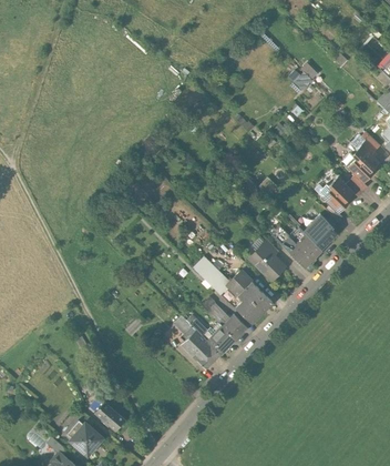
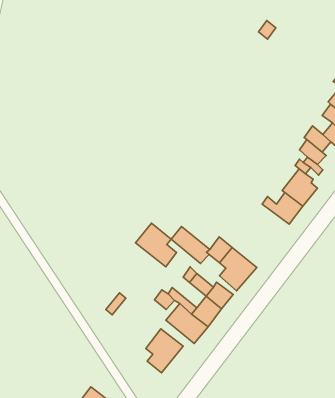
building: [248,242,284,281] -> none
building: none -> [135,223,177,267]
building: none -> [146,329,183,373]

